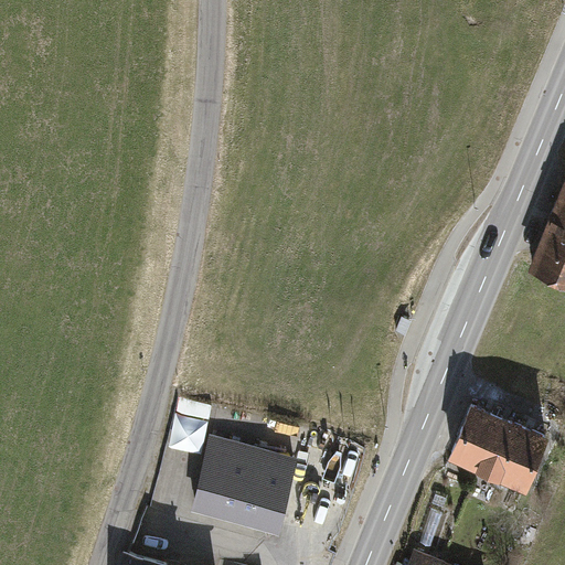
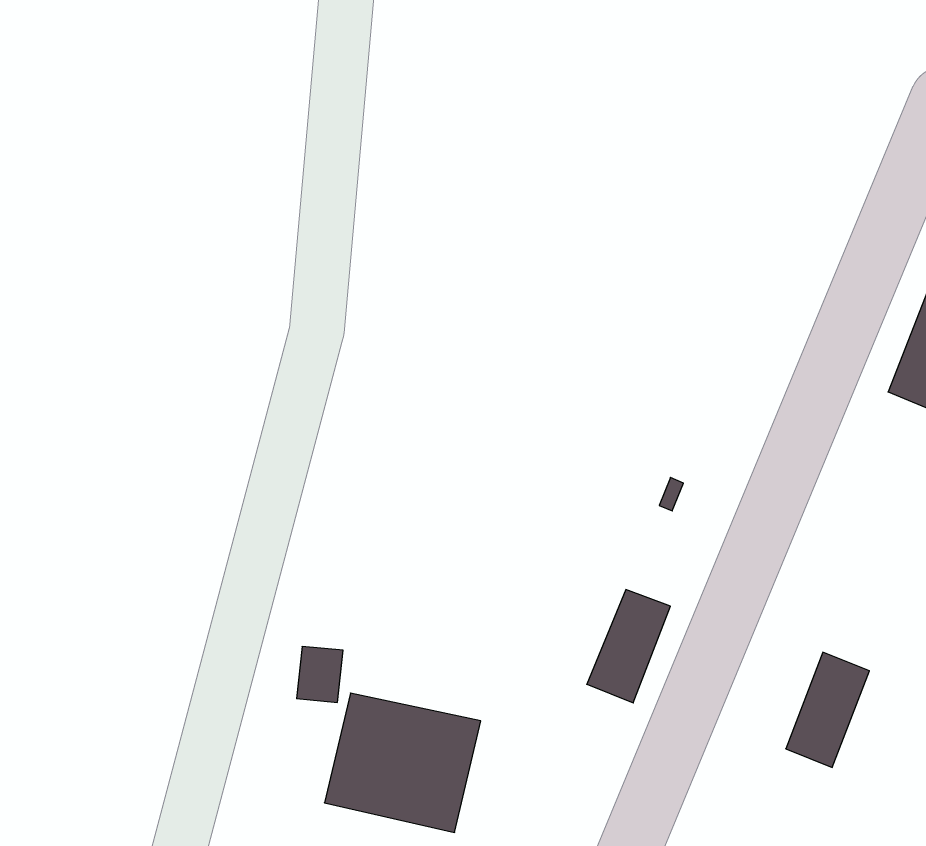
building: [446,408,495,476] -> [587,590,670,703]
building: [501,429,551,497] -> none

